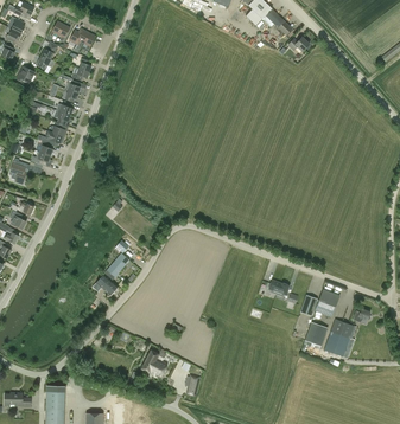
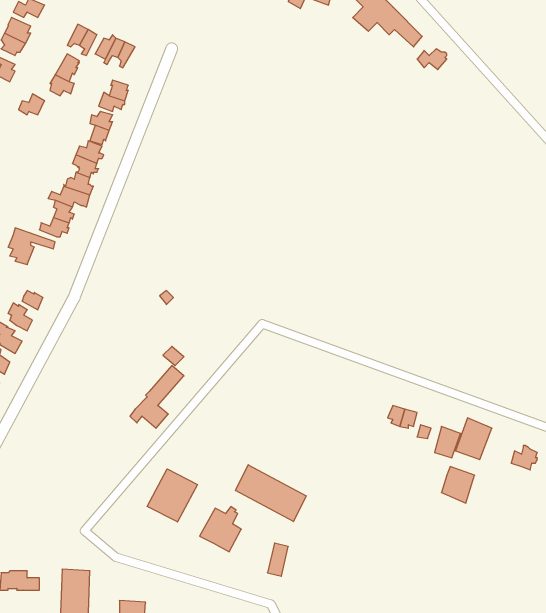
building: [323,317,355,356] -> none
building: none -> [236,465,306,522]
building: none -> [147,469,197,522]

